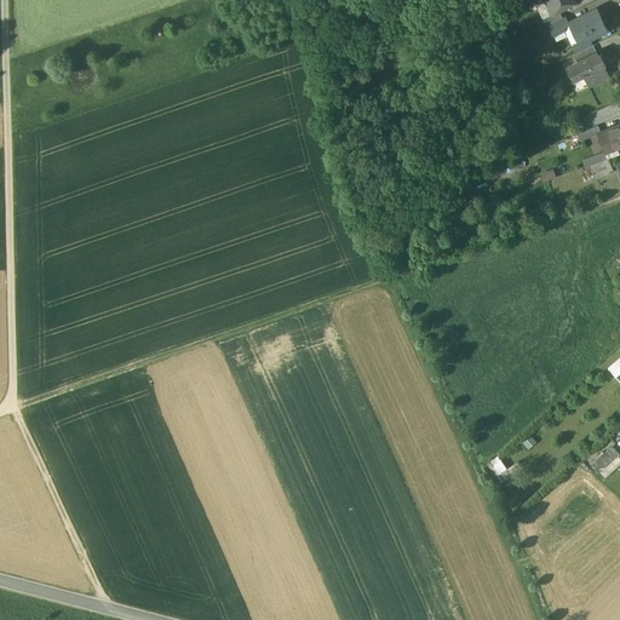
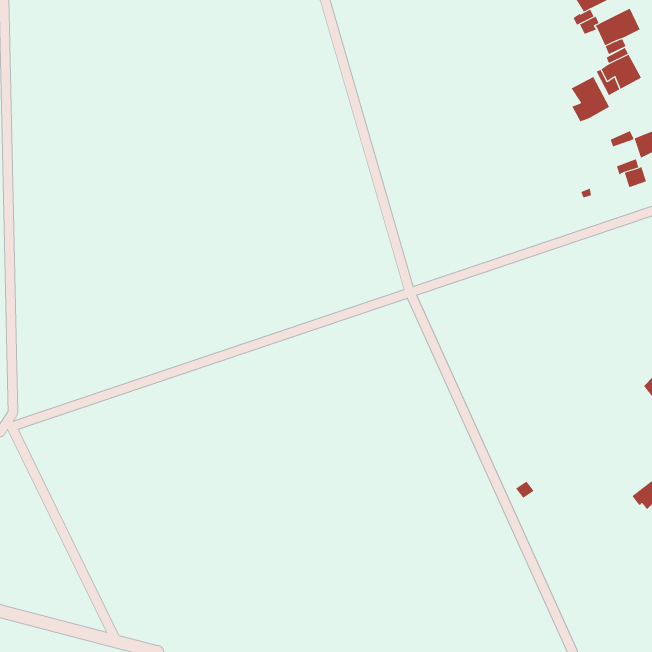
building: none -> [571,76,610,122]

